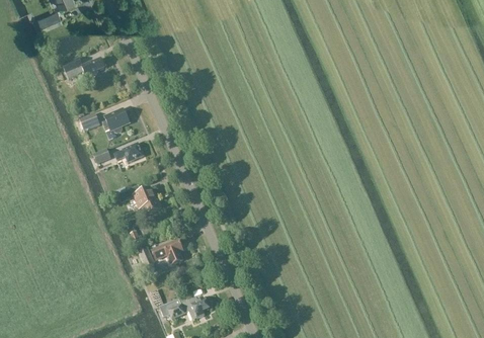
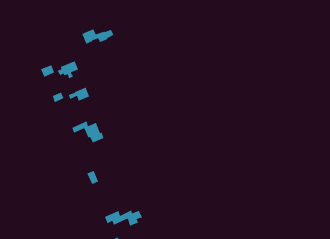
building: [63,59,105,80] -> [81,28,115,45]
building: [152,240,183,266] -> none

